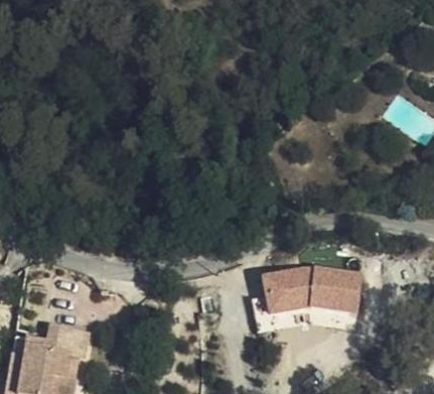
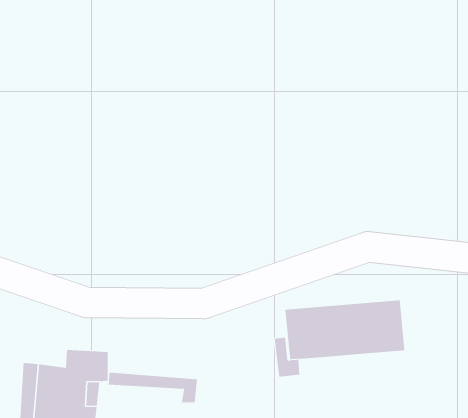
building: none -> [108,372,198,403]

